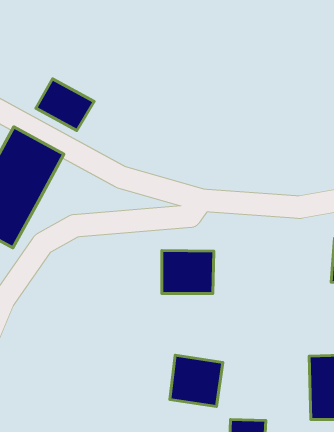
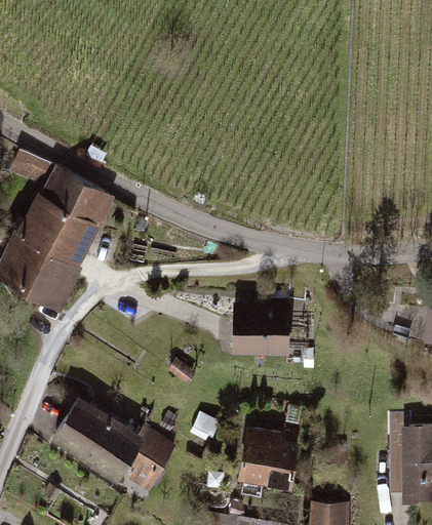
building: [36,79,94,130] -> none
building: none -> [51,397,178,488]

